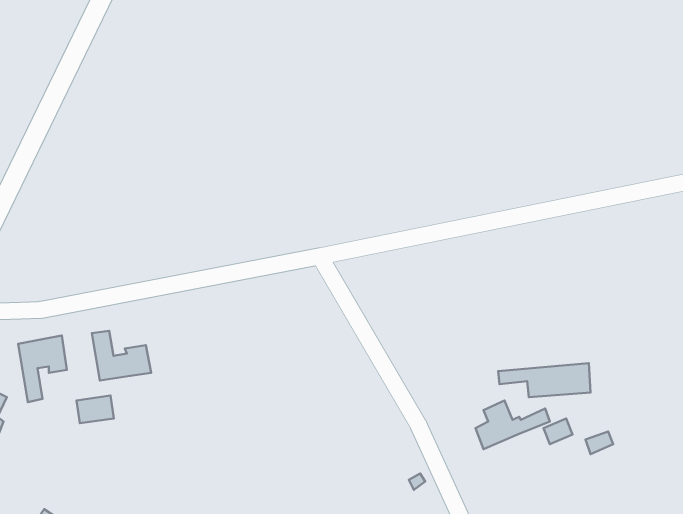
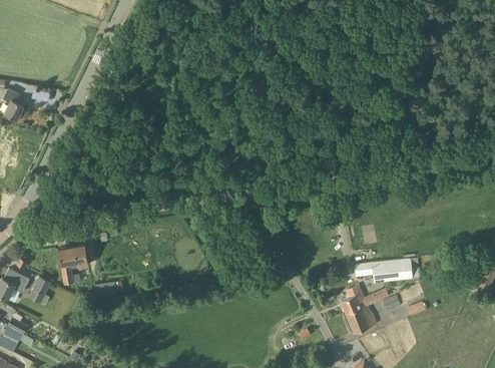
building: [92,331,151,381] -> none
building: none -> [346,305,377,333]

